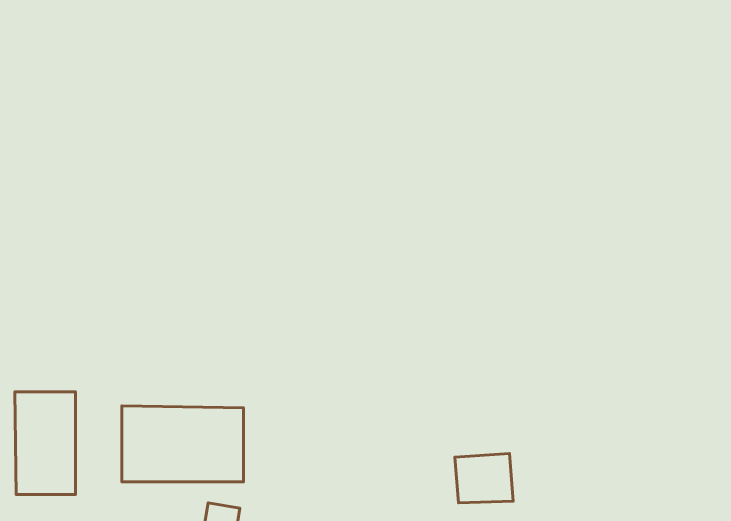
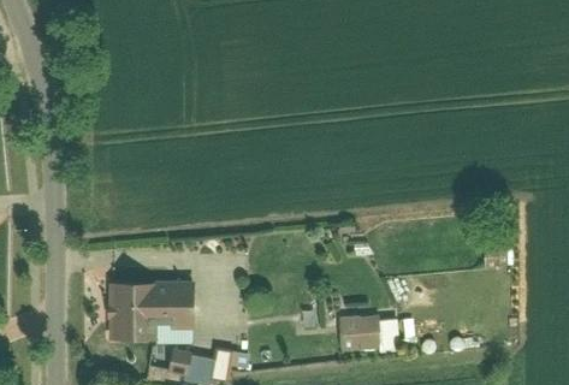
building: [15,392,76,495] -> none

